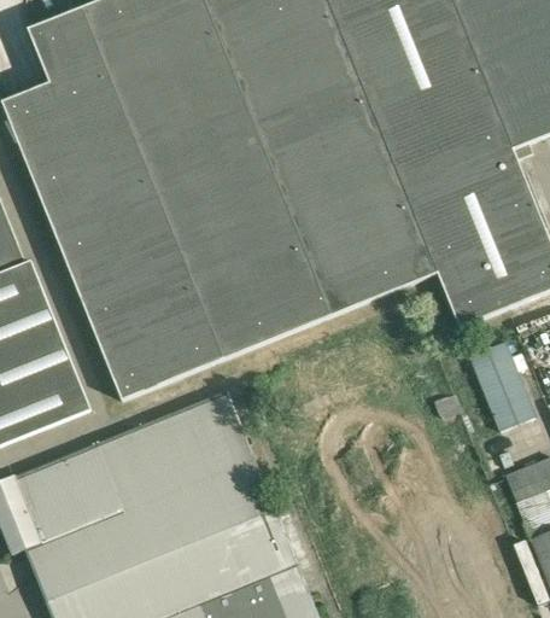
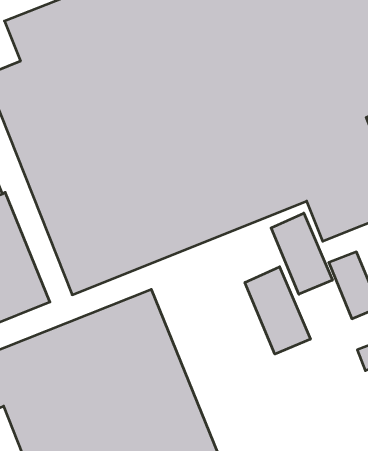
building: none -> [271,213,332,294]
building: none -> [245,267,310,354]

